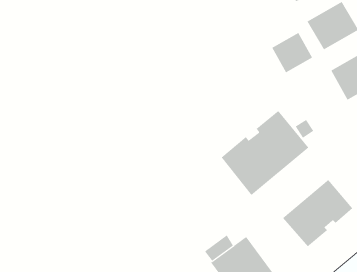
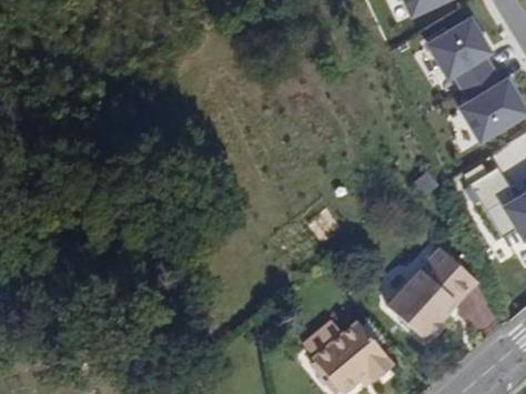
building: [272,32,313,73] -> none
building: [221,110,309,196] -> none

